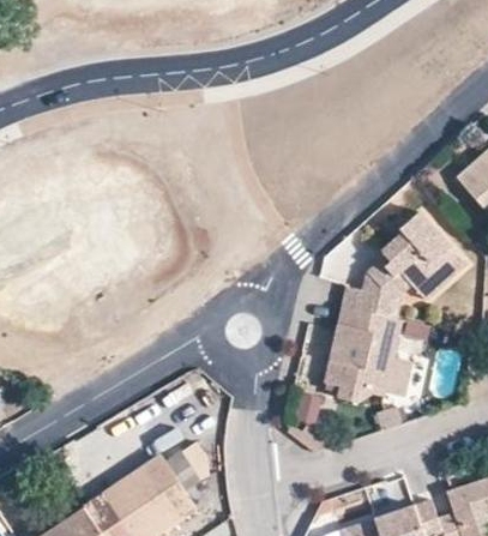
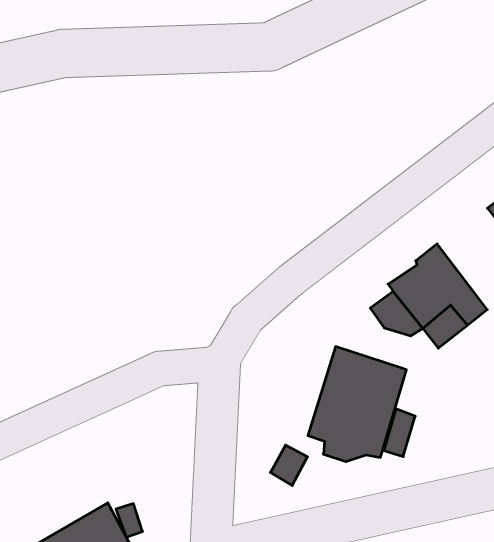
building: [341,271,403,319] -> none

